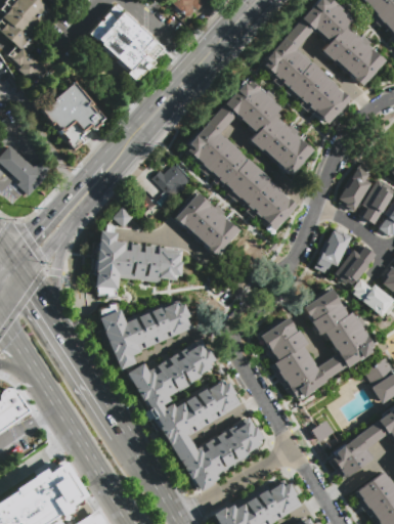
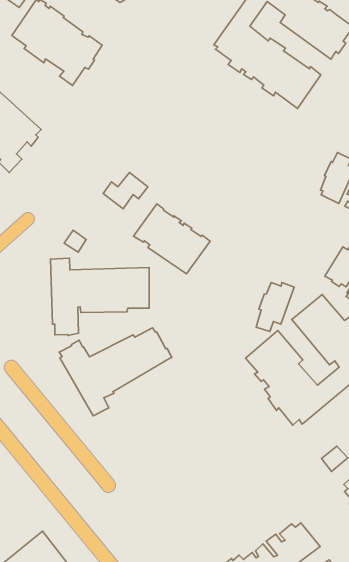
building: [185,78,314,231] -> none
building: [317,230,354,272] -> [256,283,294,332]
building: [127,337,266,491] -> none

